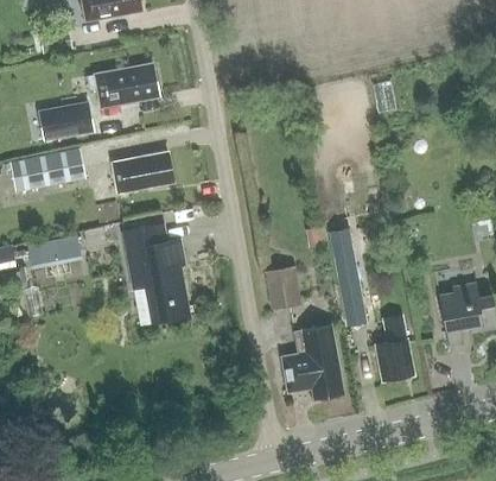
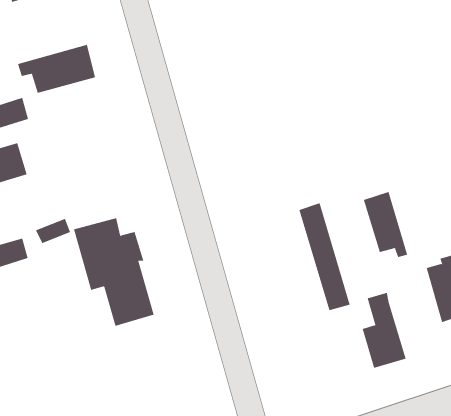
building: [113,152,173,192] -> none
building: none -> [363,191,408,258]
building: [266,266,300,309] -> none
building: [282,324,342,399] -> none

